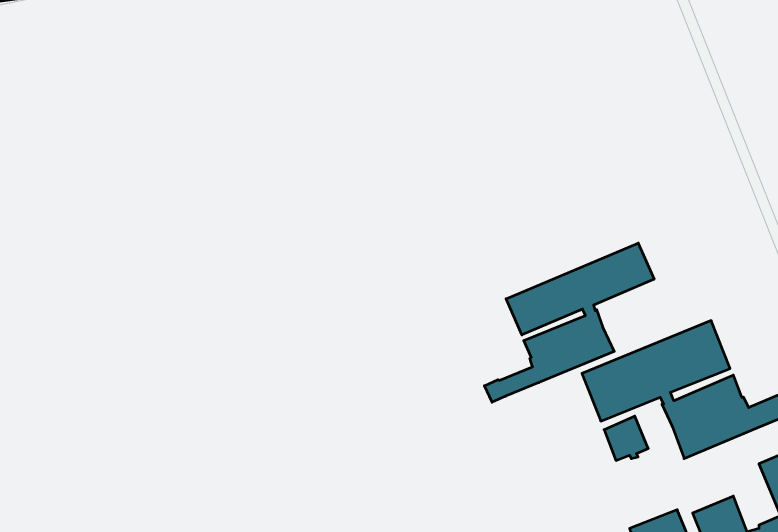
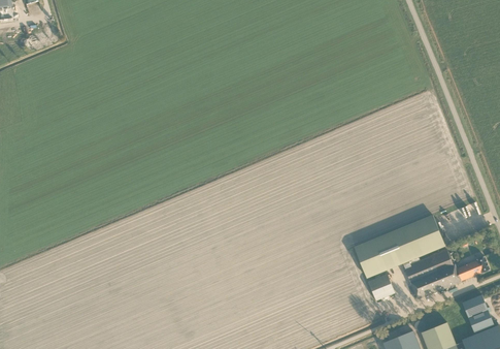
building: [484,243,654,402] -> none

